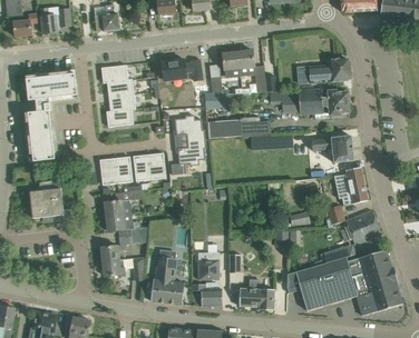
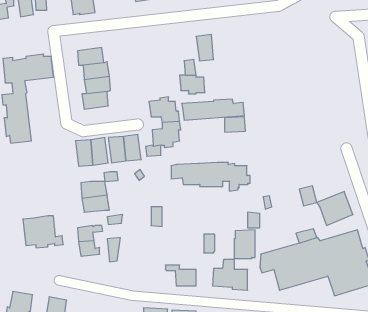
building: [237,50,266,91] -> none
building: [298,57,352,83] -> none
building: [162,59,203,80] -> none
building: [271,89,351,118] -> [171,162,250,191]
building: [312,136,353,162] -> none
building: [333,167,368,206] -> none
building: [29,188,70,220] -> [23,216,63,248]
building: [197,251,218,280] -> [234,230,255,258]
building: [152,257,184,305] -> none

